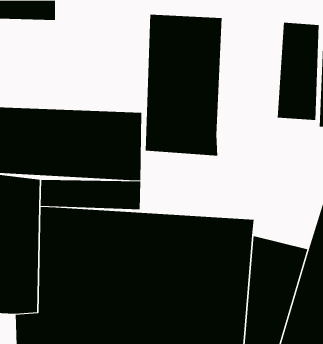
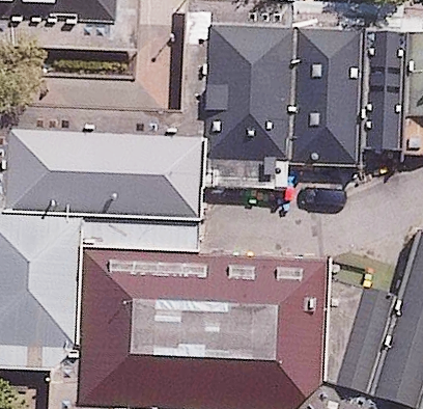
building: none -> [288,24,365,163]

